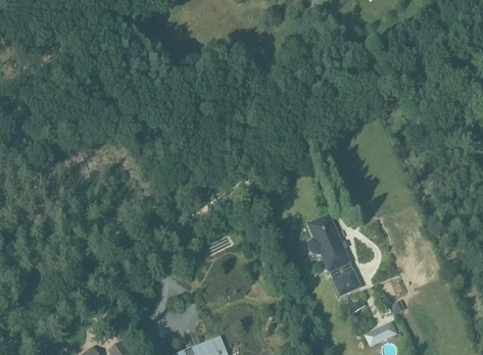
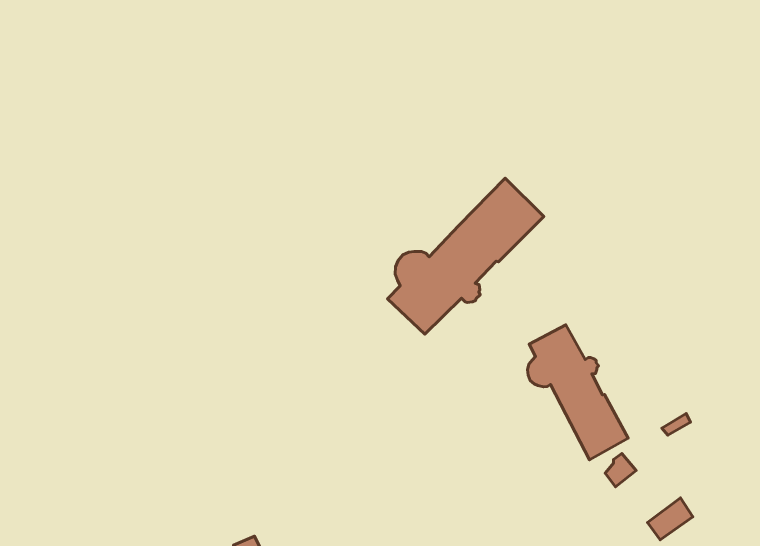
building: none -> [388,178,544,334]

